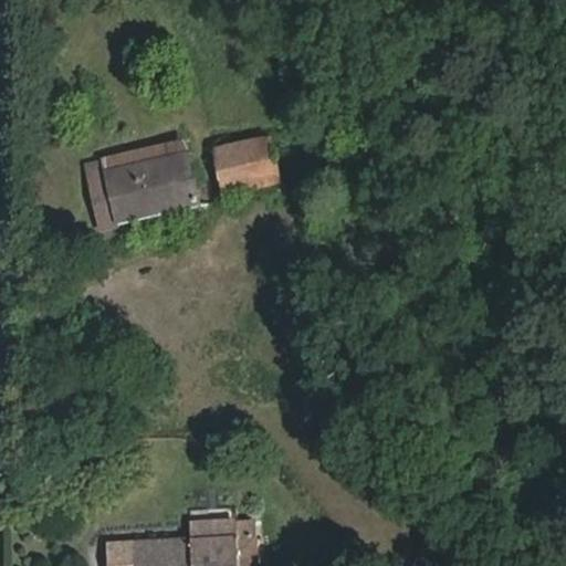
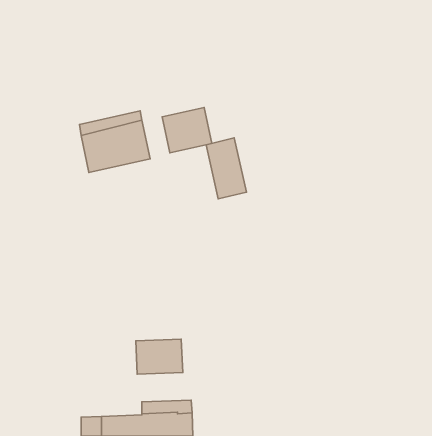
building: none -> [206,138,246,199]
building: none -> [136,339,183,374]

